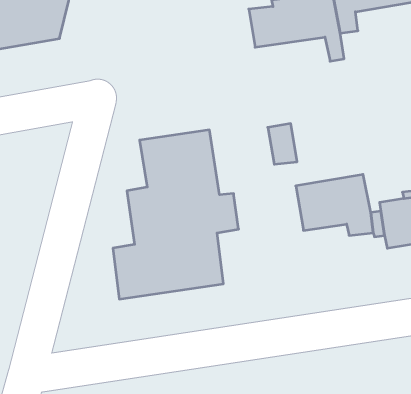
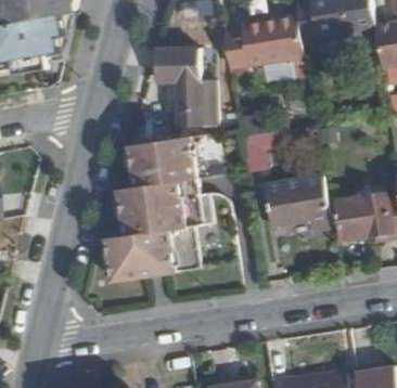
building: none -> [157,48,215,128]

